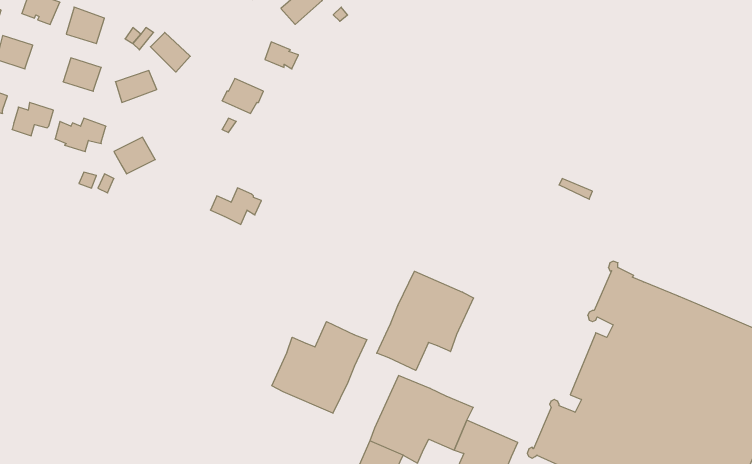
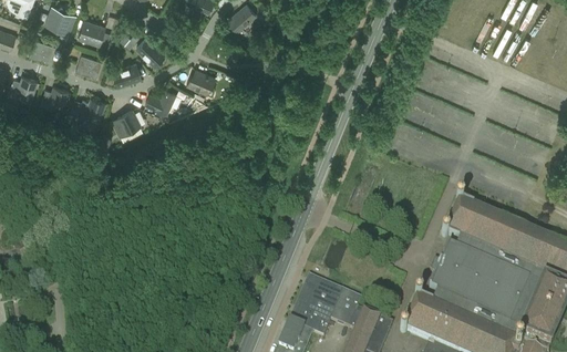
building: [210,188,261,224] -> [145,90,181,115]
building: [377,271,473,370] -> none
building: [272,322,367,413] -> none

